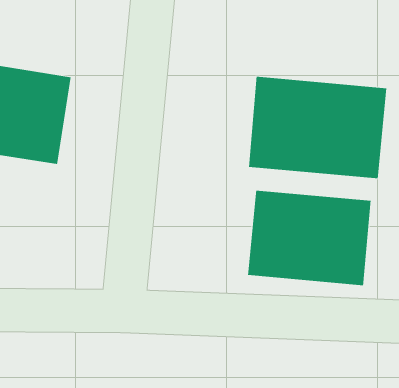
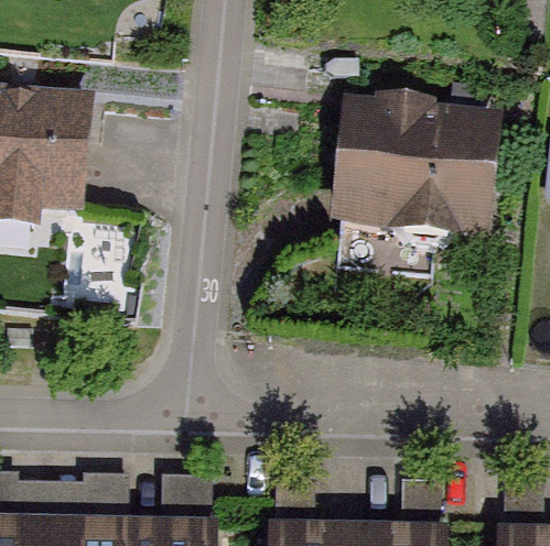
building: [247,190,371,286] -> none

